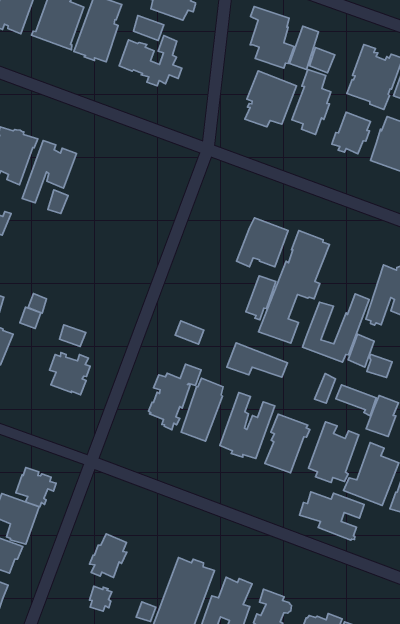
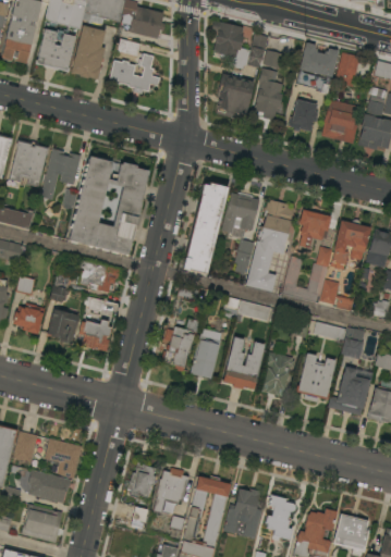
building: none -> [69,157,148,257]
building: none -> [182,183,229,275]
building: none -> [298,210,333,250]
building: none -> [76,261,122,294]
building: none -> [47,309,80,345]
building: [16,468,56,507] -> none
building: [300,492,364,540] -> none
building: none -> [155,466,190,513]

